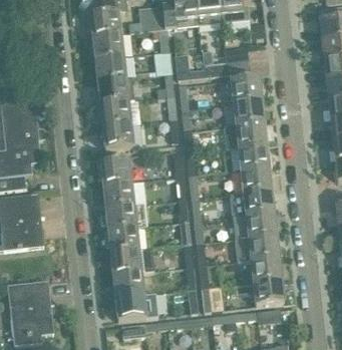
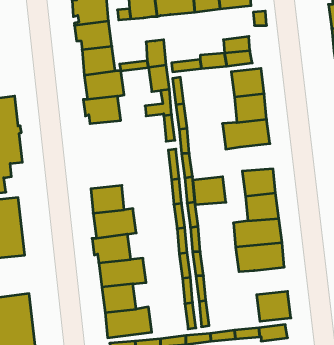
building: [102,123,133,149] -> none
building: [239,144,269,169] -> [193,177,226,204]
building: [96,159,131,186] -> none
building: [252,257,282,282] -> none

